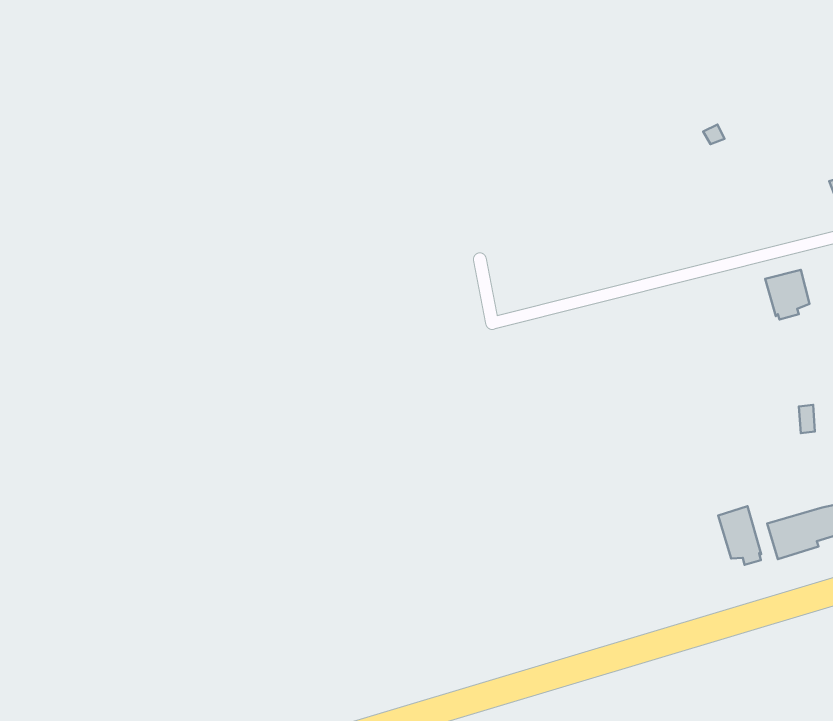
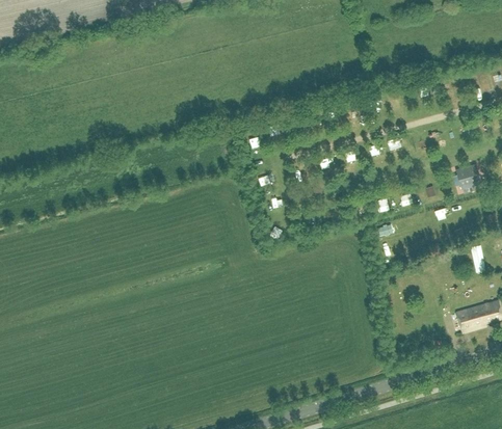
building: [718,506,761,565] -> none

